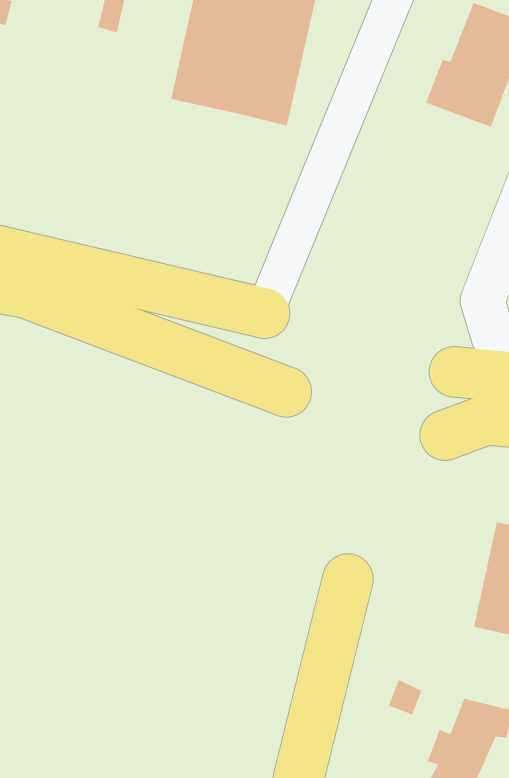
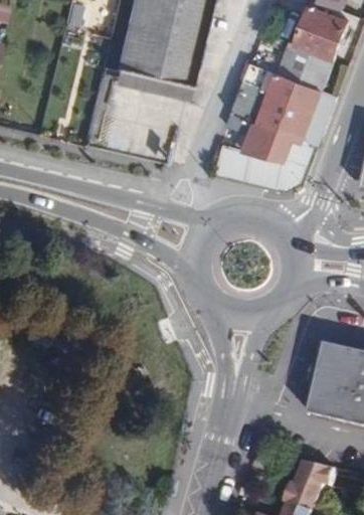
building: none -> [226,60,321,173]

